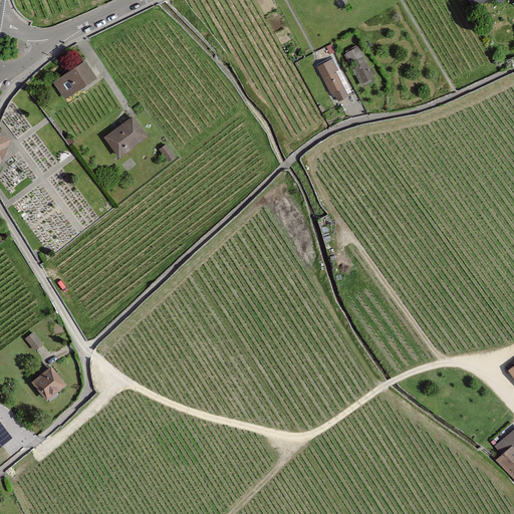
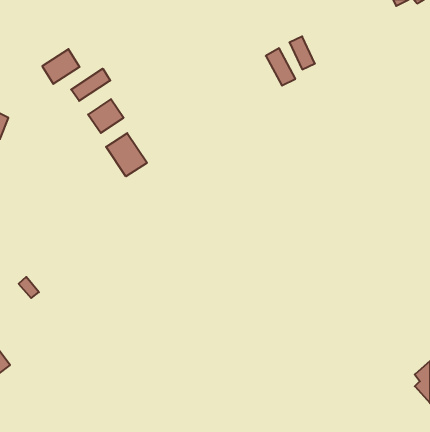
building: none -> [71,69,110,101]
building: none -> [106,133,147,176]
building: [31,362,66,399] -> none

